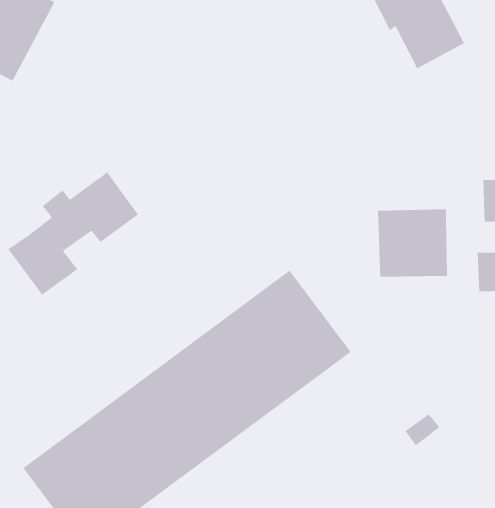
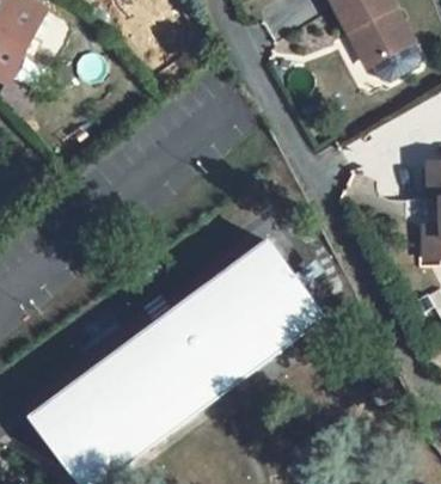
building: [8,172,139,296] -> none
building: [378,209,448,278] -> none

